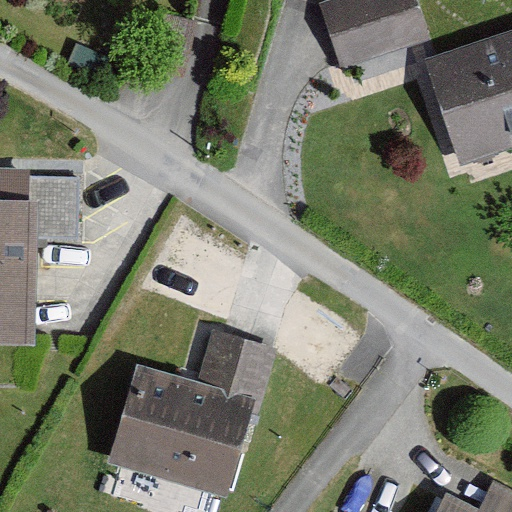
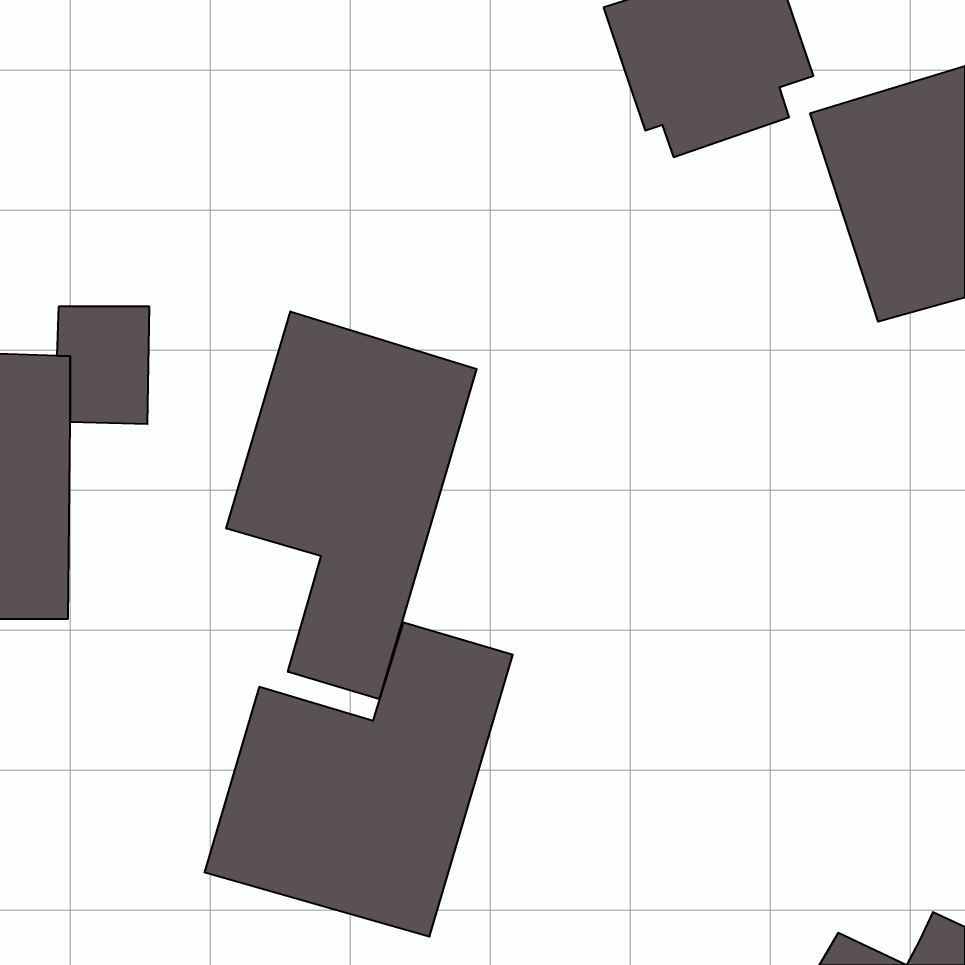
building: none -> [226,311,477,699]

